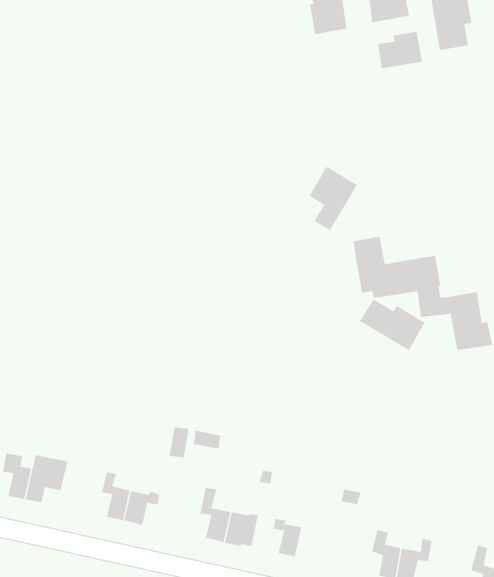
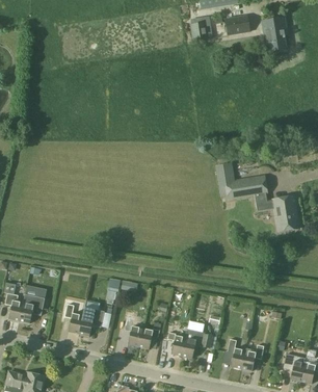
building: [378,31,423,69] -> none
building: [309,166,357,231] -> none
building: [359,298,425,351] -> none
building: none -> [181,329,217,358]

